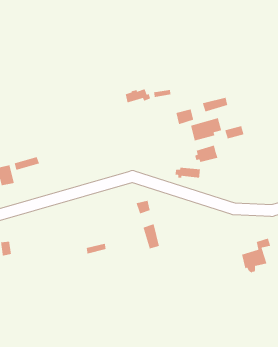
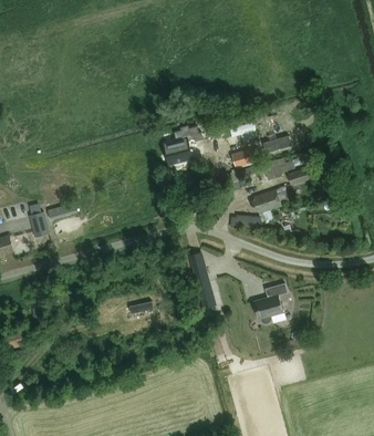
building: none -> [164,137,195,165]
building: [241,237,271,273] -> [253,282,288,323]

